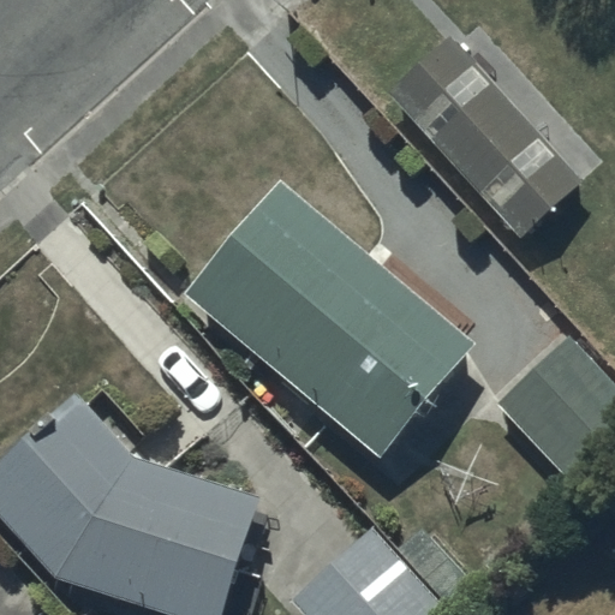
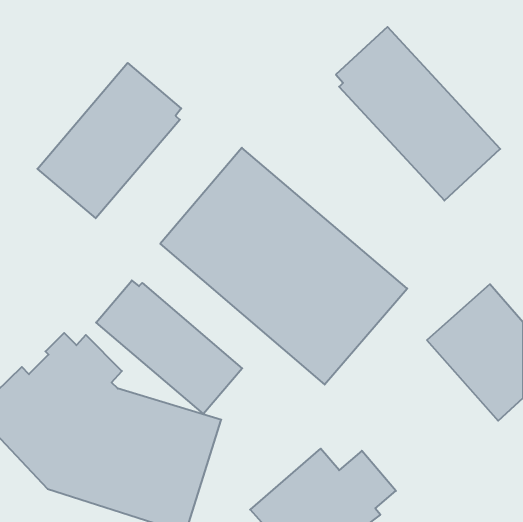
building: none -> [37,63,181,218]
building: none -> [96,280,242,414]

